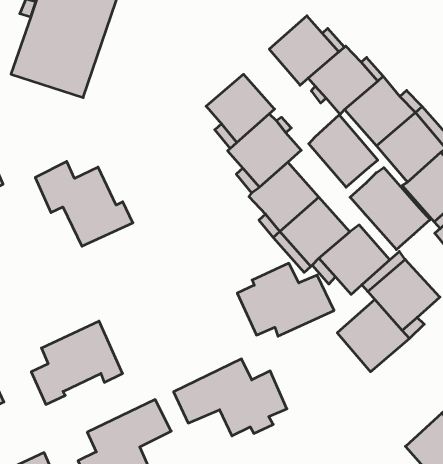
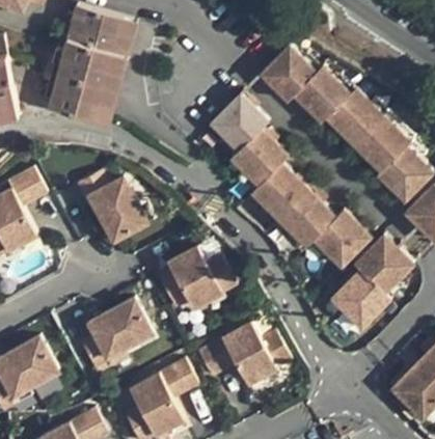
building: [309,115,378,187] -> none
building: [350,168,430,250] -> none
building: [237,263,334,336] -> [156,249,236,309]

